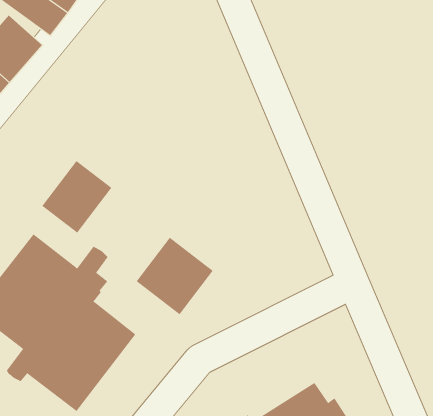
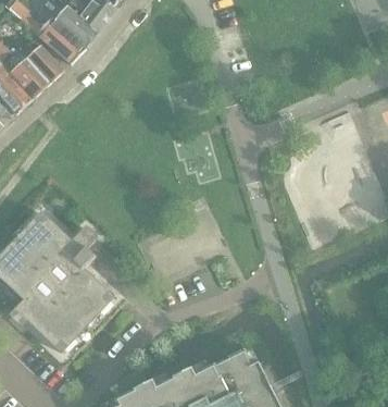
building: [42,160,112,233] -> none
building: [136,237,214,315] -> none

